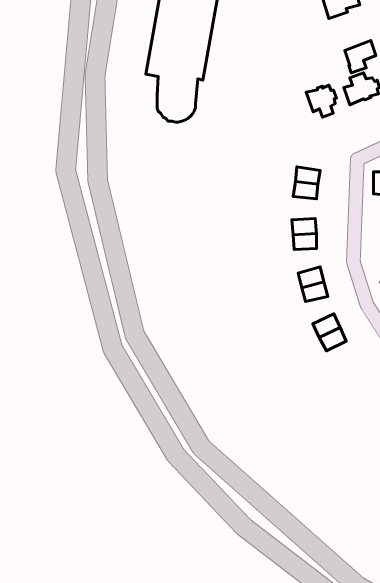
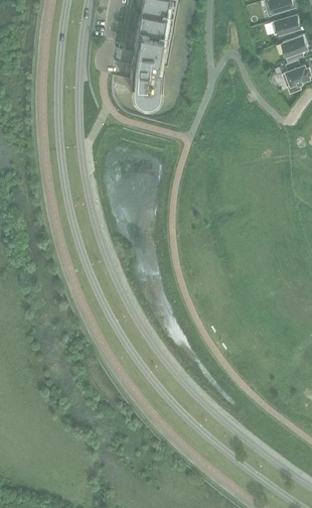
building: none -> [270,14,300,38]
building: [306,85,336,117] -> none

